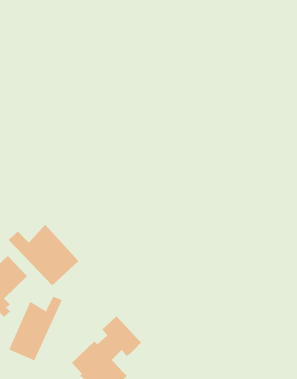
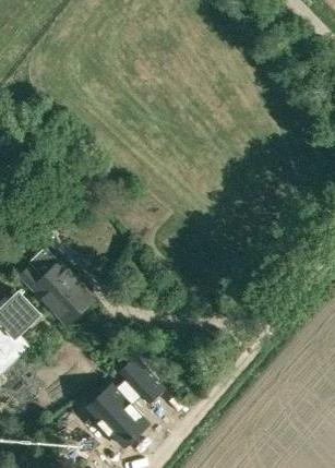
building: [9,296,63,361] -> none

